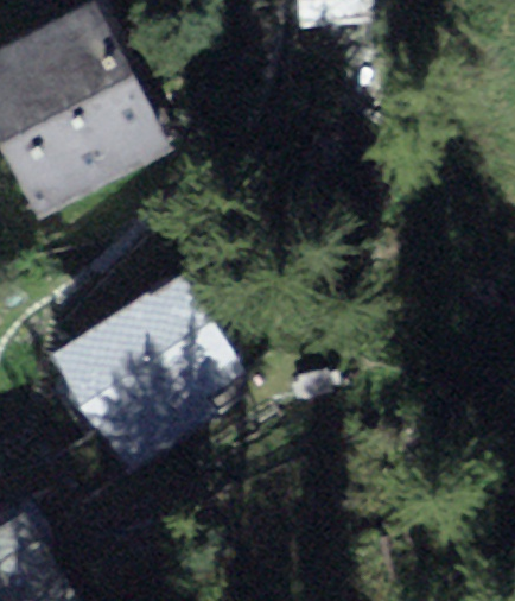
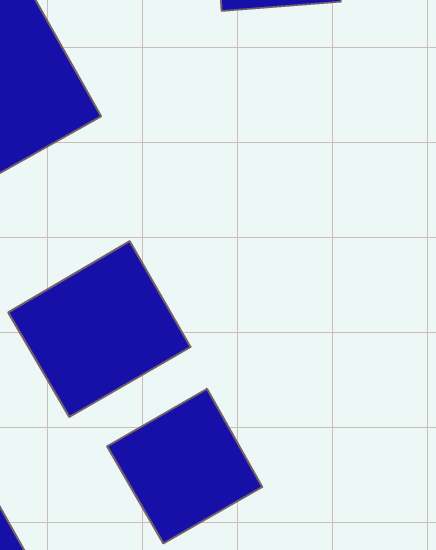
building: none -> [107,389,262,543]

